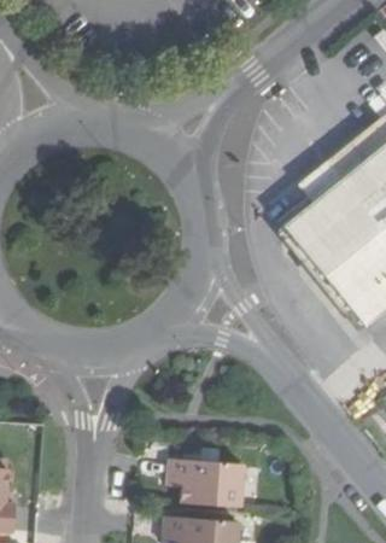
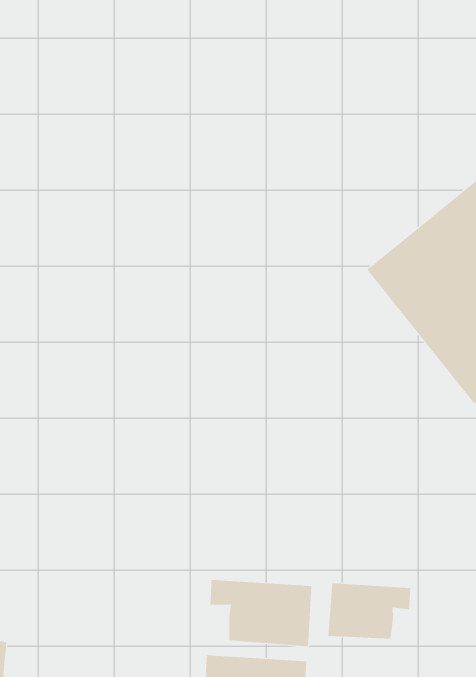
building: none -> [328,582,411,639]

